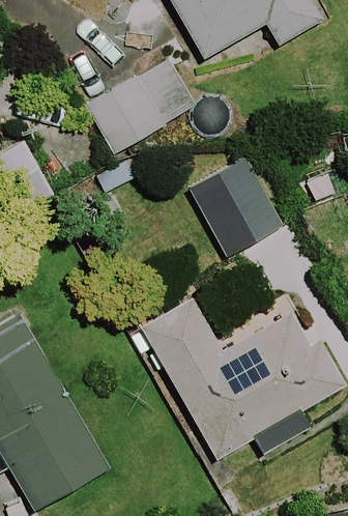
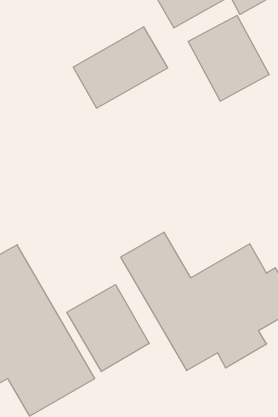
building: [190,156,284,256] -> [188,16,269,101]
building: none -> [67,285,149,372]

